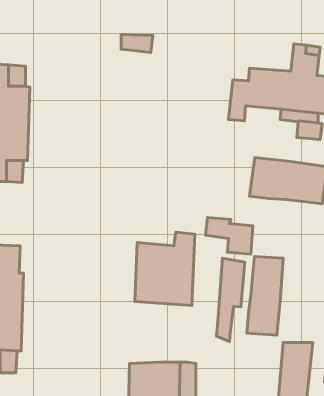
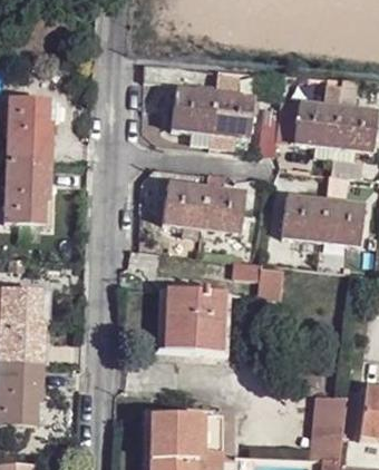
building: none -> [174,89,255,146]
building: none -> [164,183,246,232]
building: [247,256,283,335] -> none
building: [216,258,245,342] -> none

